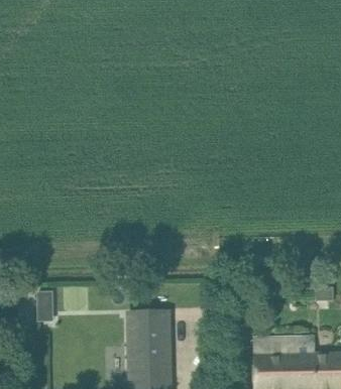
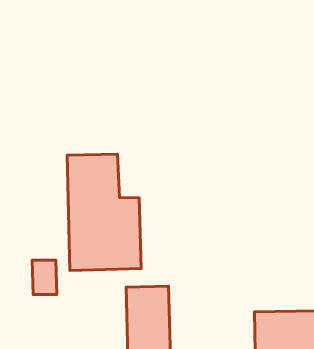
building: none -> [67,154,141,270]

